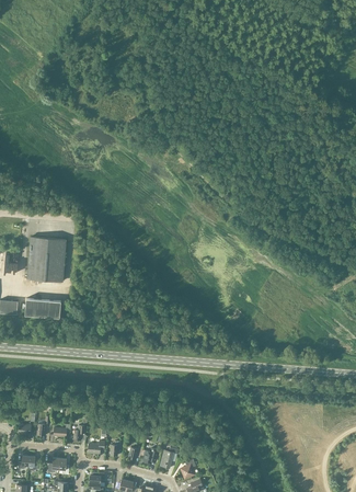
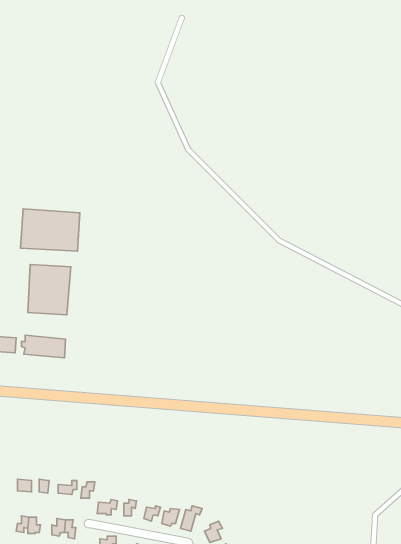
building: none -> [21,209,80,251]

